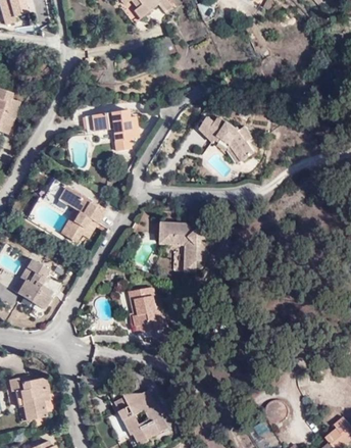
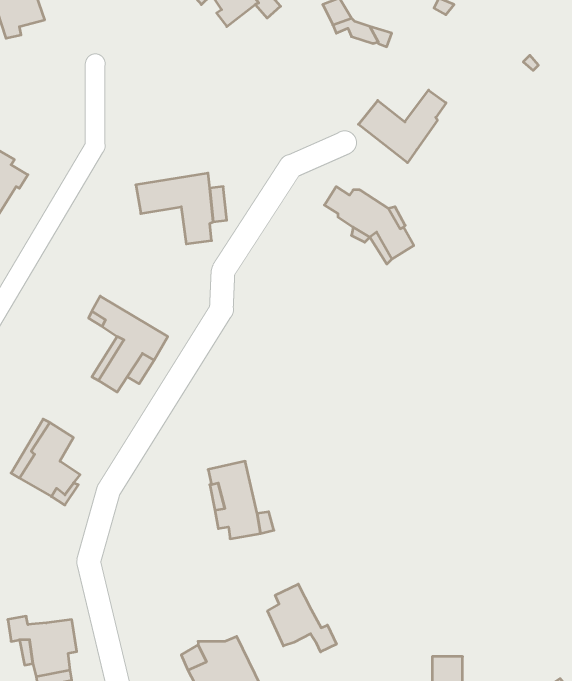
building: none -> [358,90,446,163]
building: [161,219,208,268] -> none
building: none -> [268,584,336,652]

